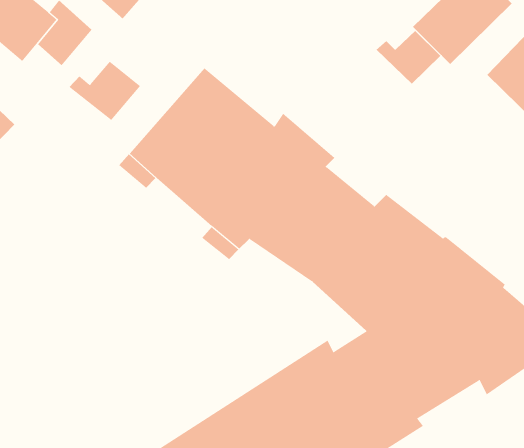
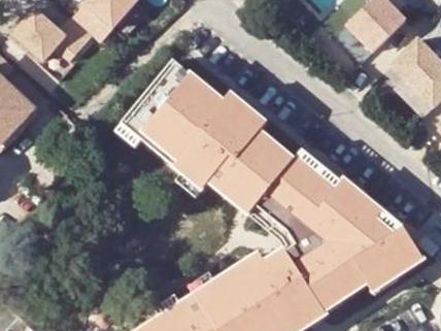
building: [376,30,441,84] -> none
building: [69,61,141,121] -> none

